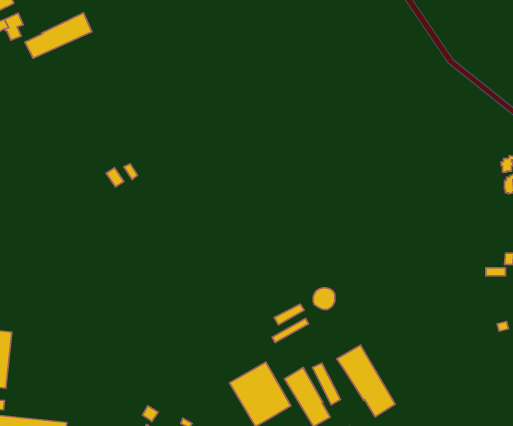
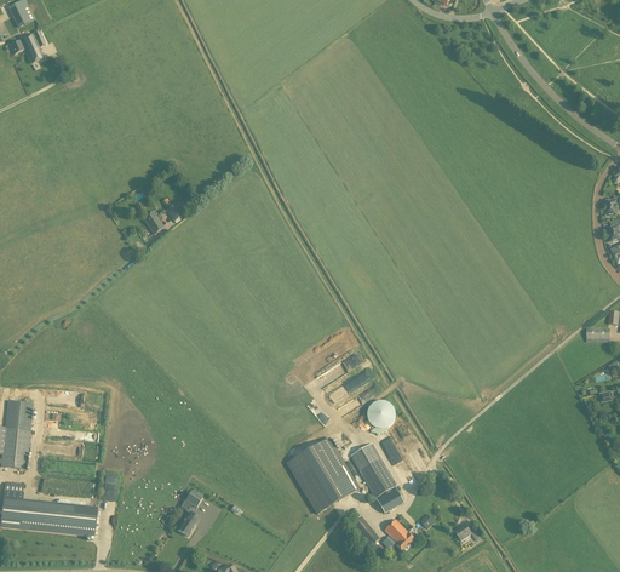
building: [25,13,92,58] -> none
building: [313,288,335,310] -> [368,400,394,425]
building: [337,345,395,417] -> none

